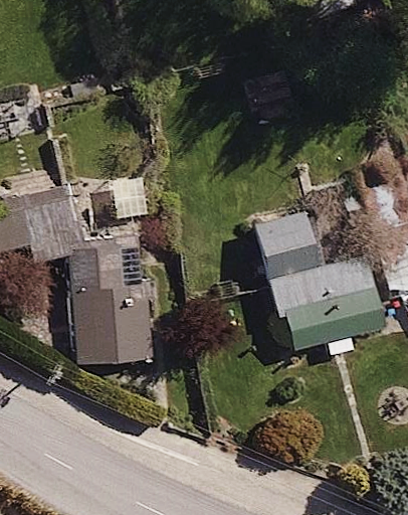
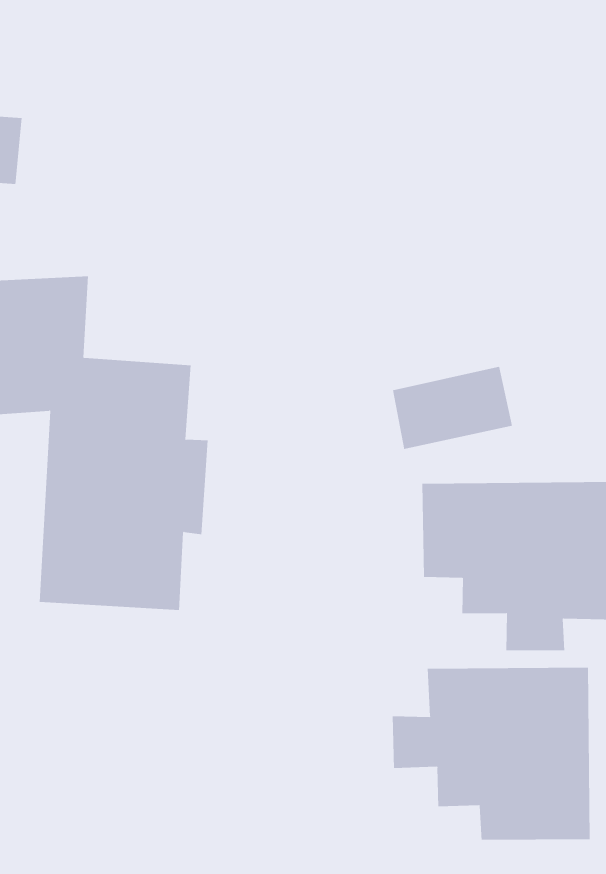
building: none -> [392,667,590,841]

